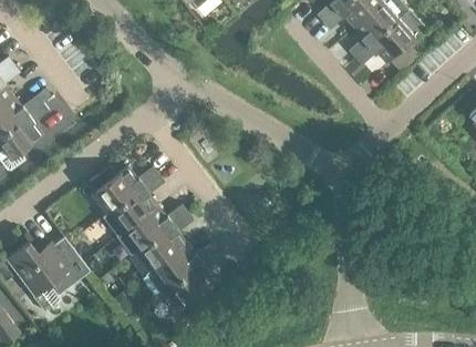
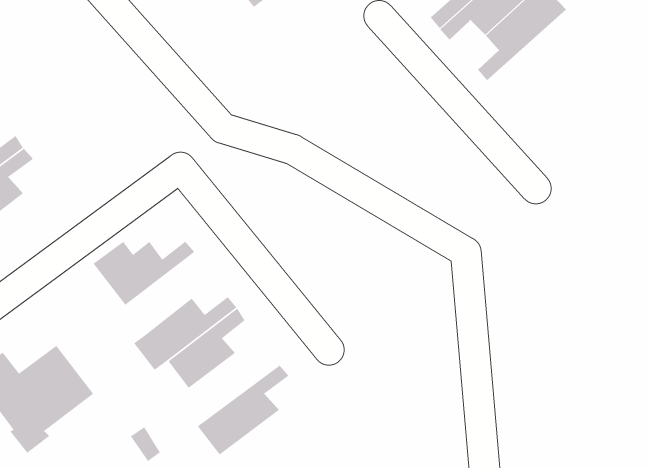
building: [356,9,427,65] -> none
building: [102,174,164,236] -> none
building: [145,243,216,293] -> none

